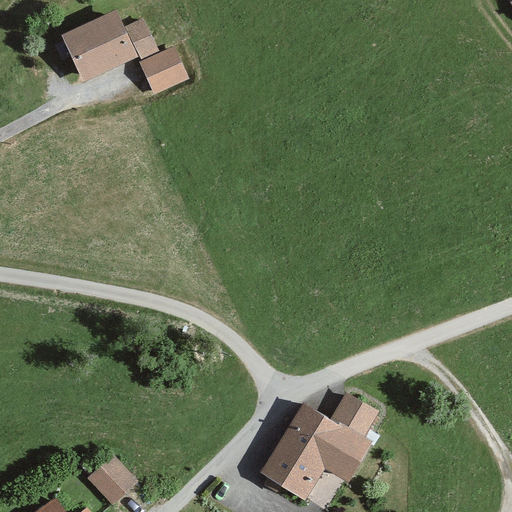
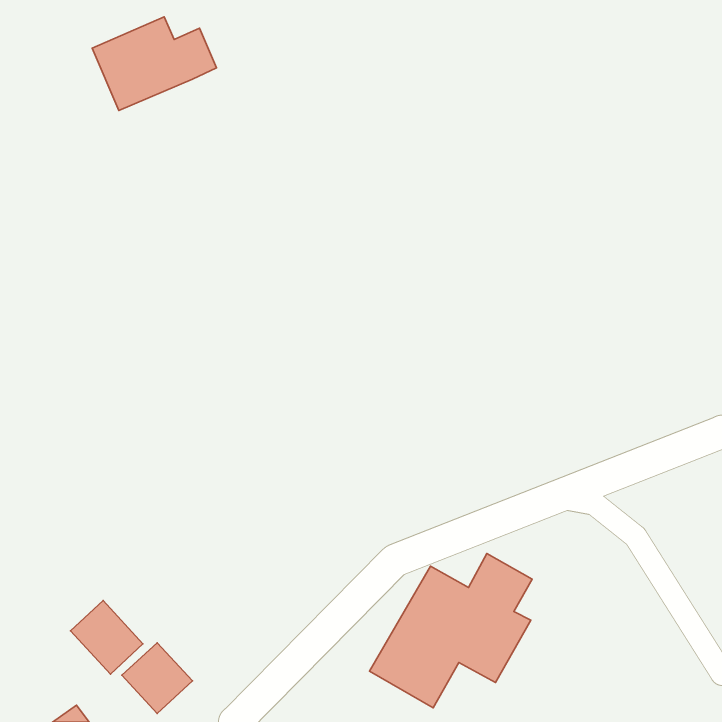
building: [139,47,187,92] -> none
building: none -> [71,601,143,674]

